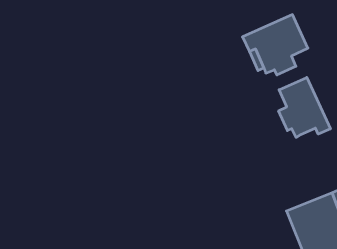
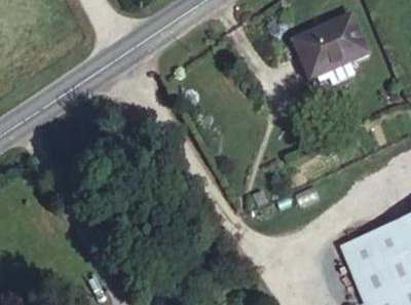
building: [279,77,330,137] -> none

